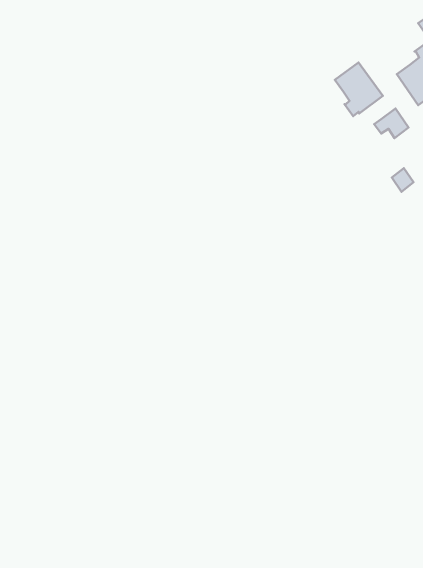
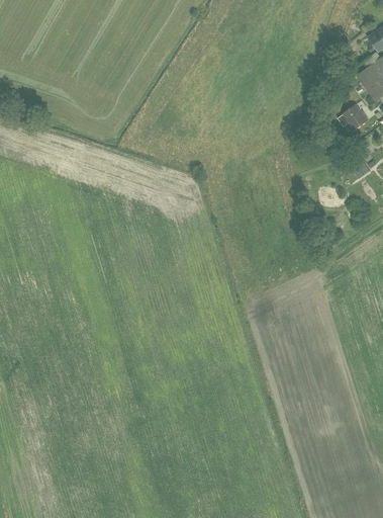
building: [335,62,383,116] -> none

